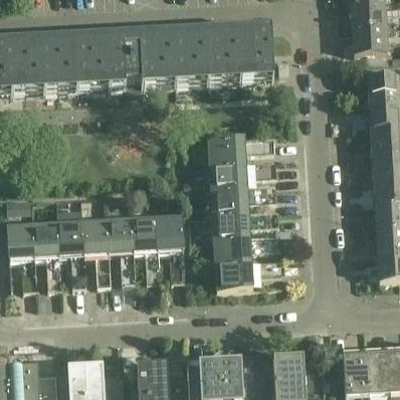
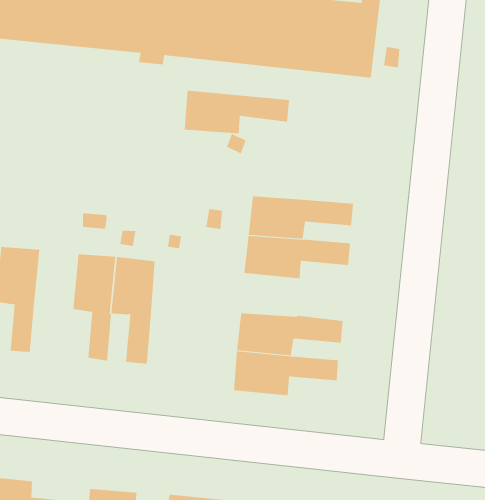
building: [208,133,274,162] -> [184,90,290,134]
building: [212,206,278,236] -> none
building: [156,210,185,277] -> none
building: [82,215,111,281] -> none

